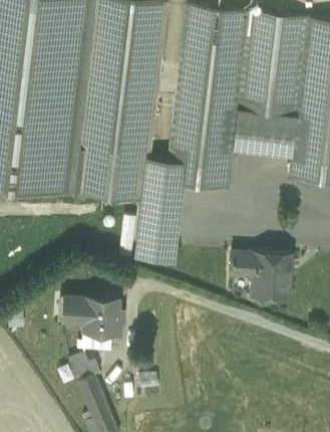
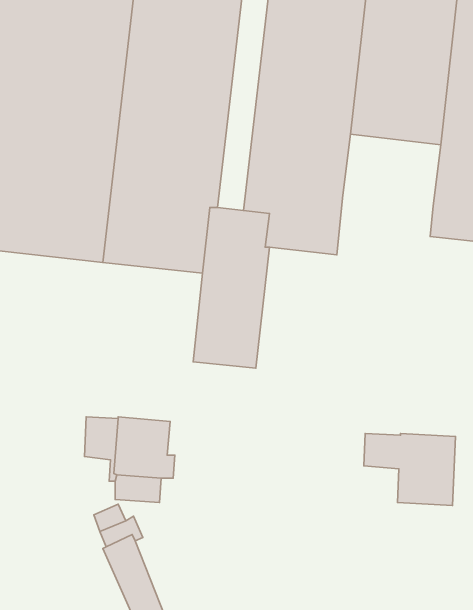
building: [232,113,296,160] -> none
building: [230,255,290,302] -> [364,434,456,505]

